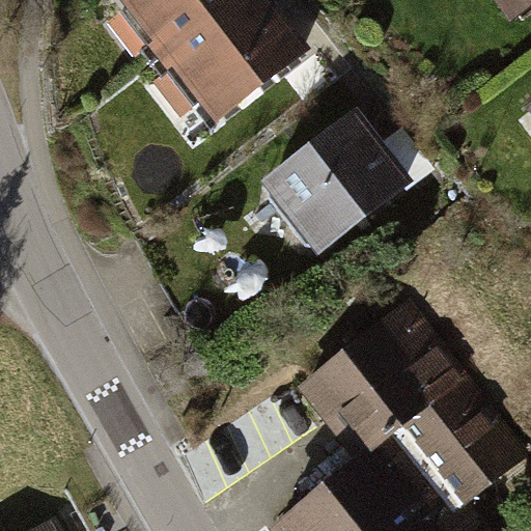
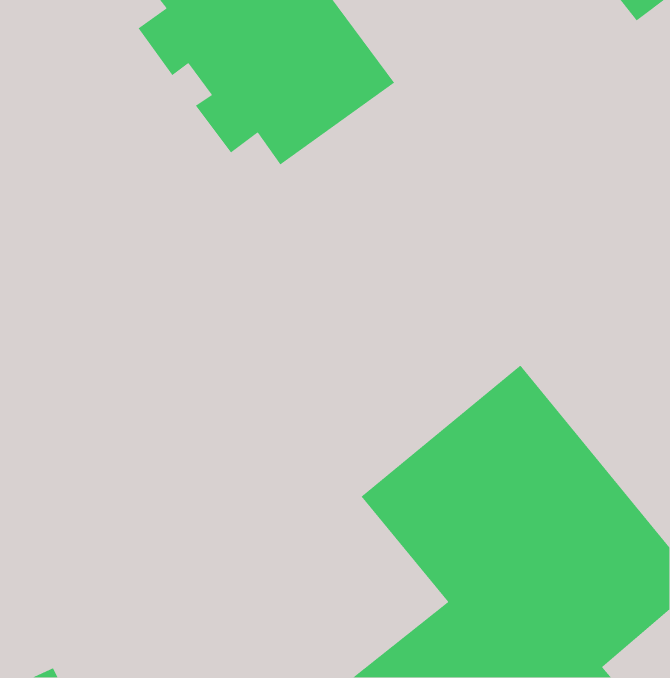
building: [266,116,397,256] -> none

